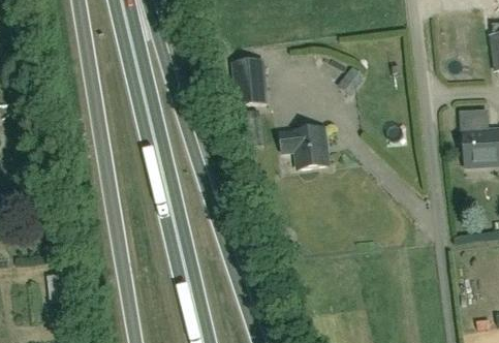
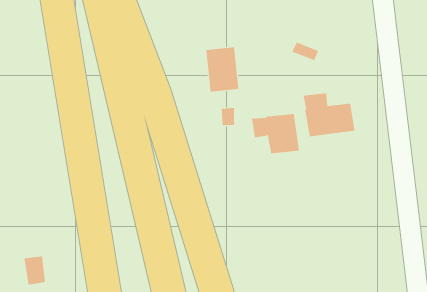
building: none -> [303,93,355,137]

